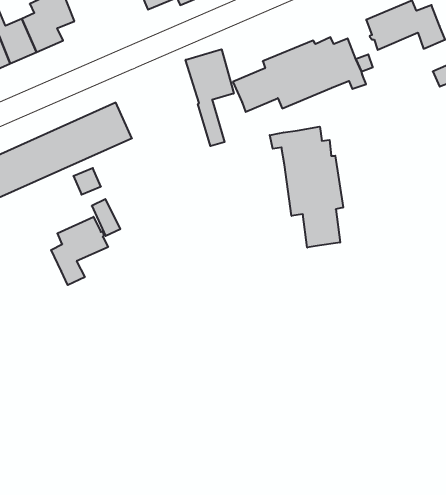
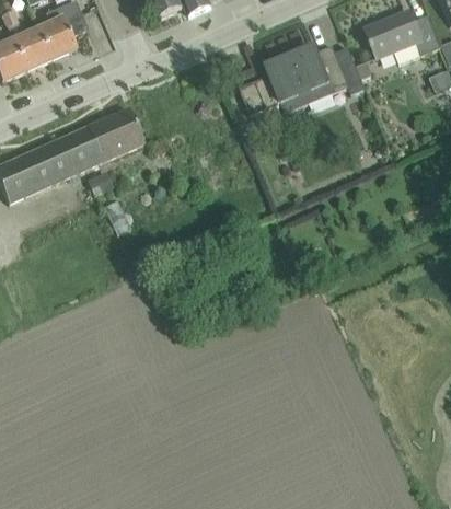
building: [186,49,234,146] -> none
building: [270,127,343,248] -> none
building: [51,217,108,285] -> none

